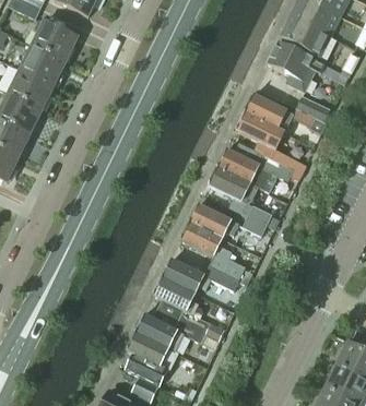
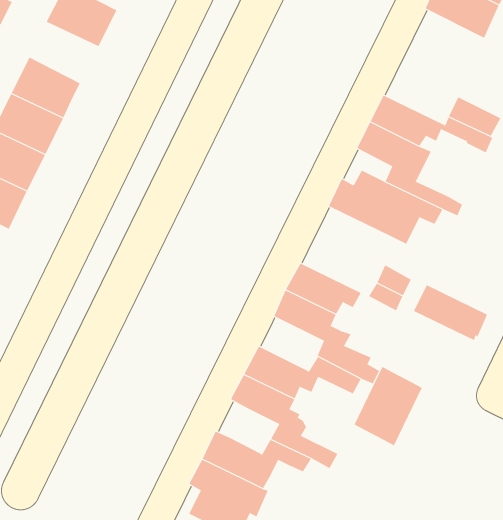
building: [267,40,326,91] -> none
building: [20,46,66,86] -> none
building: [208,167,257,204] -> [413,284,488,341]
building: none -> [354,366,423,446]

